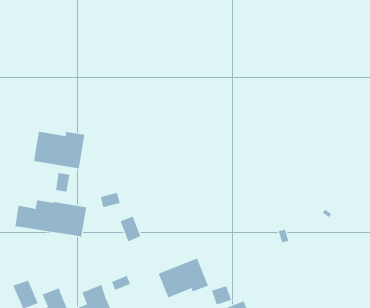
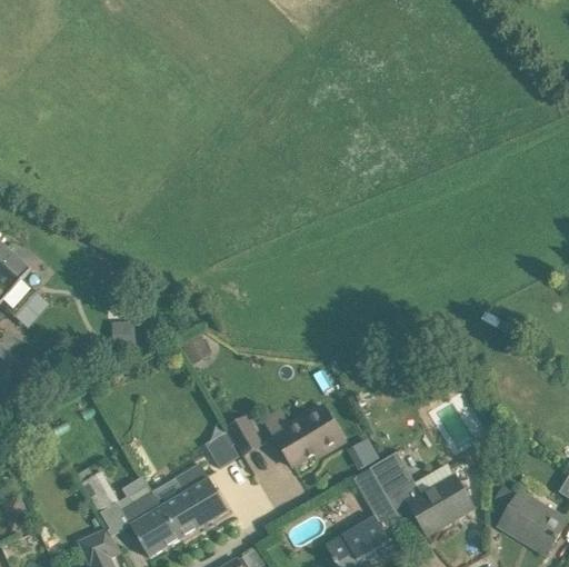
building: [33,131,85,169] -> none
building: [15,200,87,237] -> none
building: [120,216,141,242] -> [227,417,259,454]

